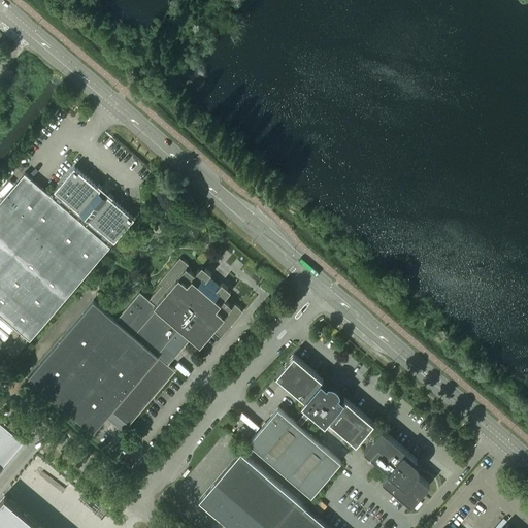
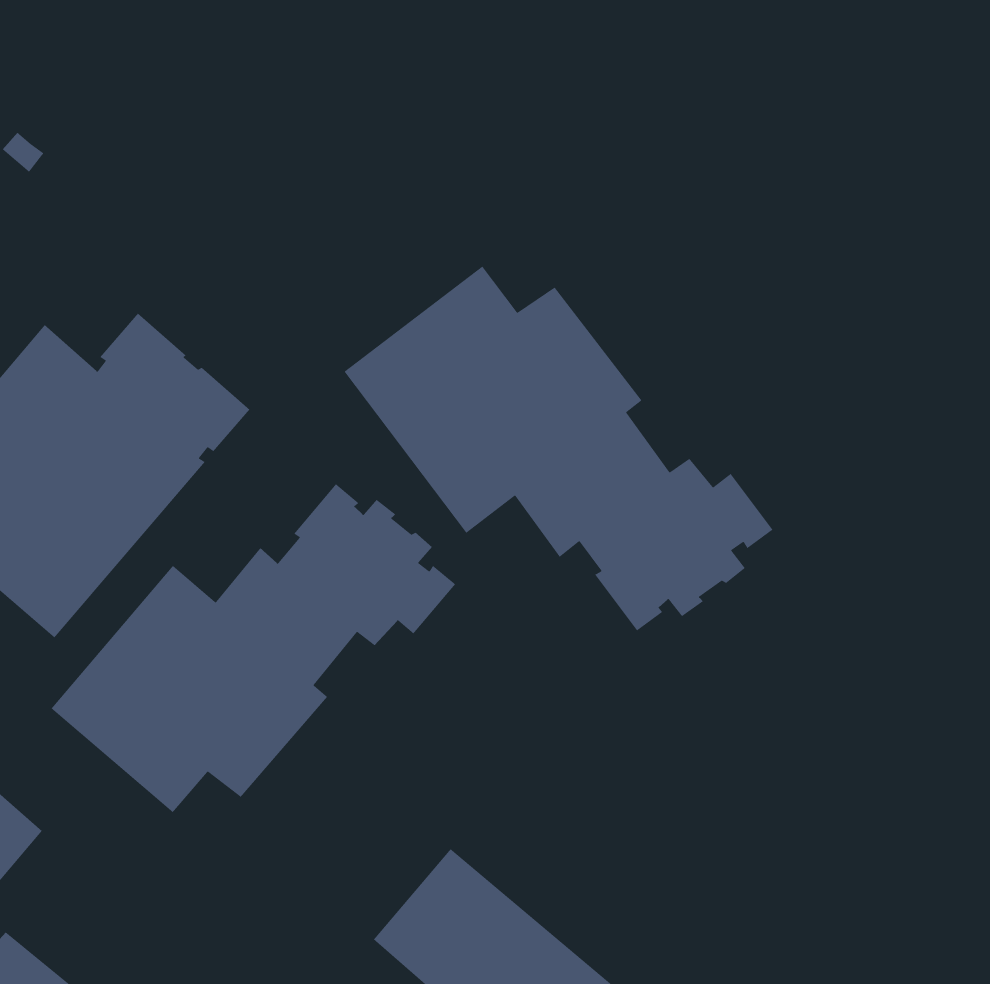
building: none -> [344,266,773,632]
building: [248,358,428,509] -> none

